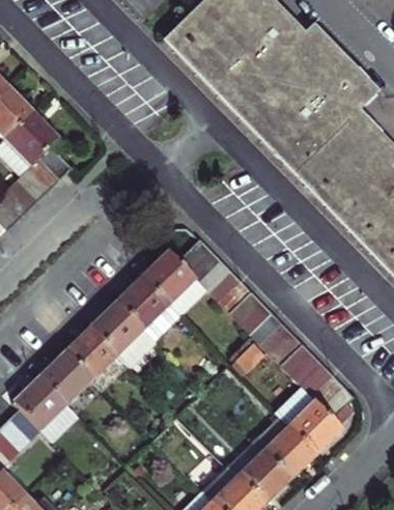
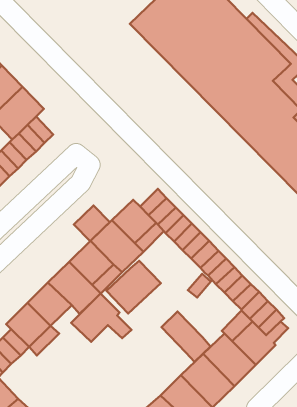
building: none -> [74,205,110,241]
building: none -> [107,261,161,313]
building: none -> [71,294,131,342]
building: none -> [162,312,211,362]

